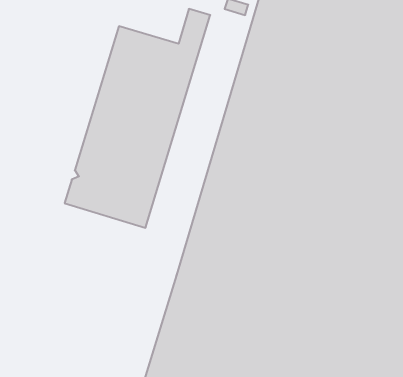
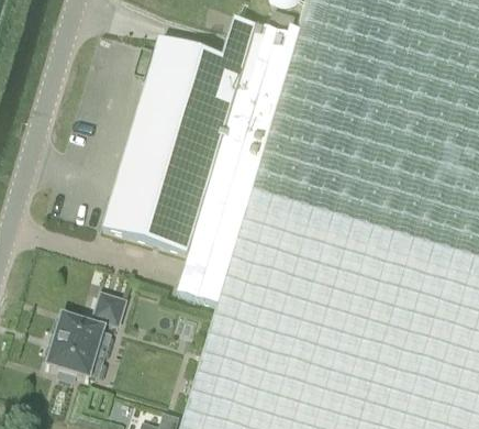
building: none -> [179,31,298,309]
building: none -> [42,296,121,385]

